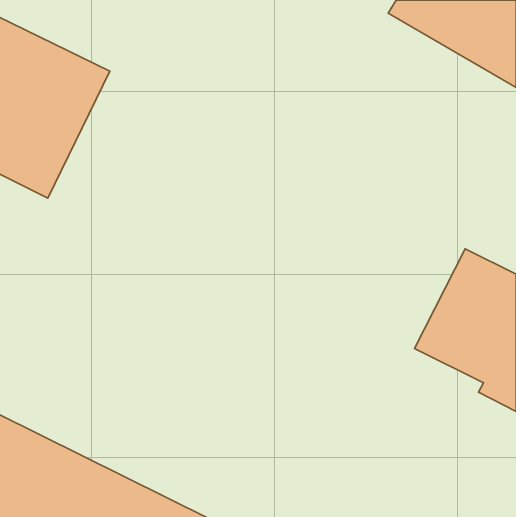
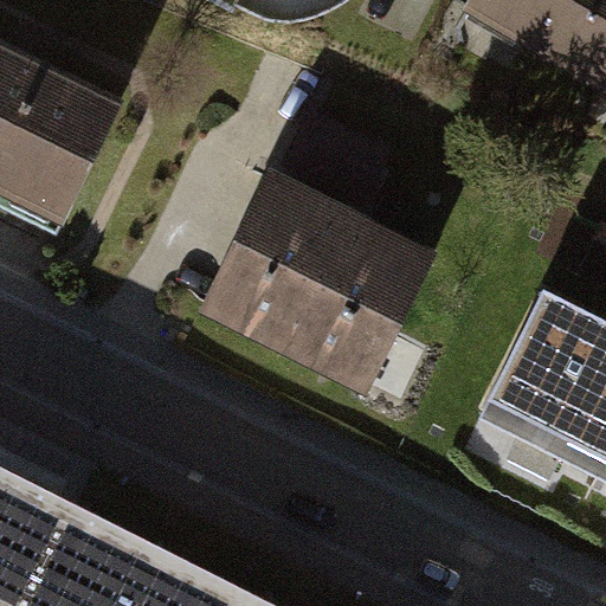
building: none -> [204,194,446,408]

